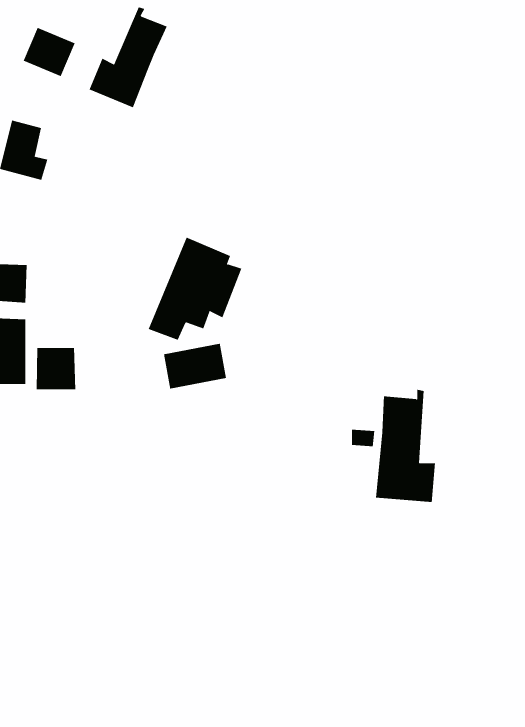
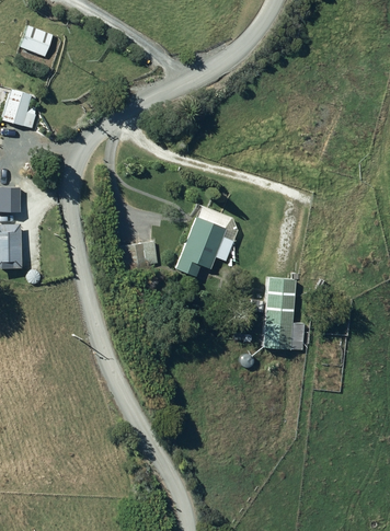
building: [89,7,167,108] -> none
building: [148,237,242,340] -> [174,205,239,276]
building: [36,347,76,390] -> none

